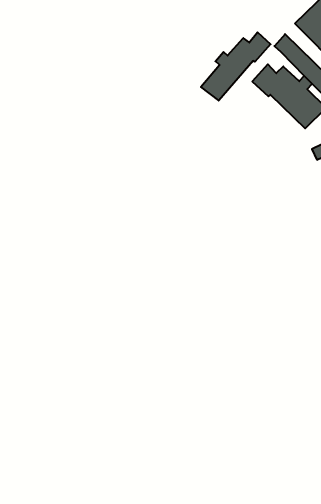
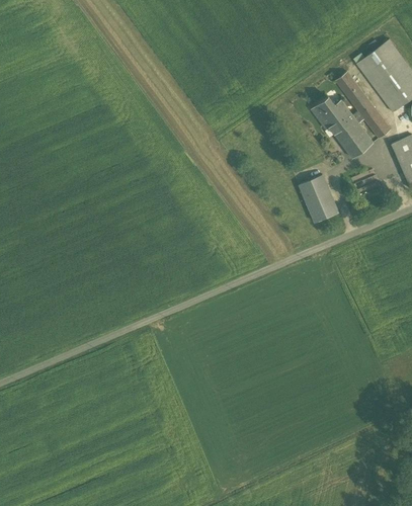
building: [201,32,271,101] -> none
building: none -> [299,175,337,223]

